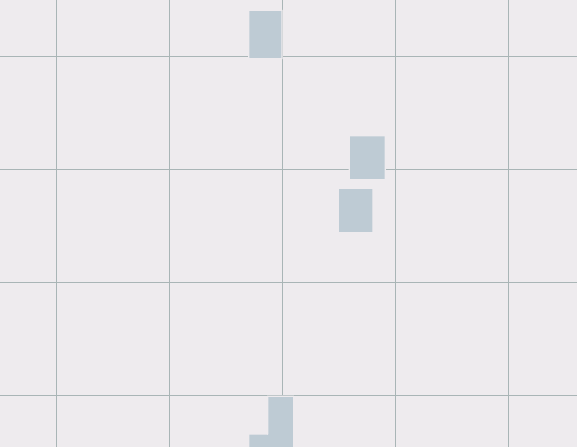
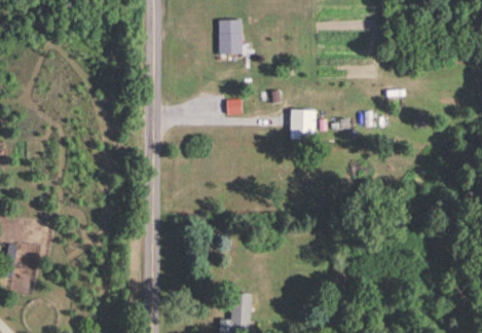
building: [338,188,373,233] -> none

